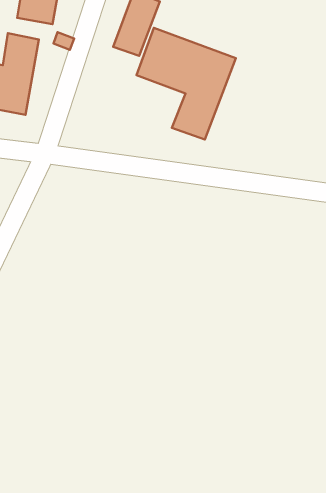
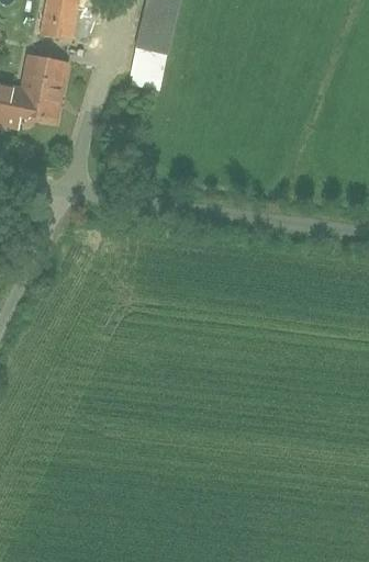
building: [137,28,236,140] -> none

